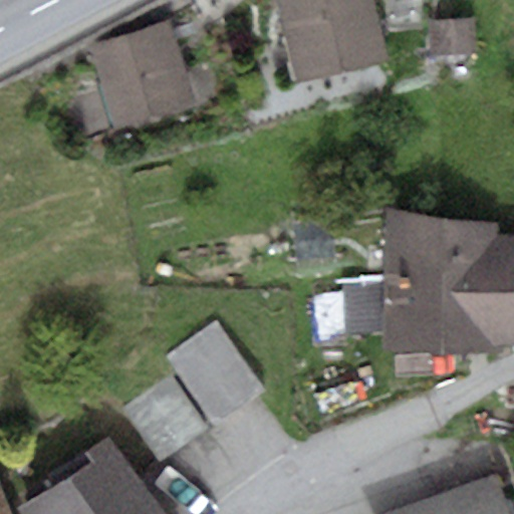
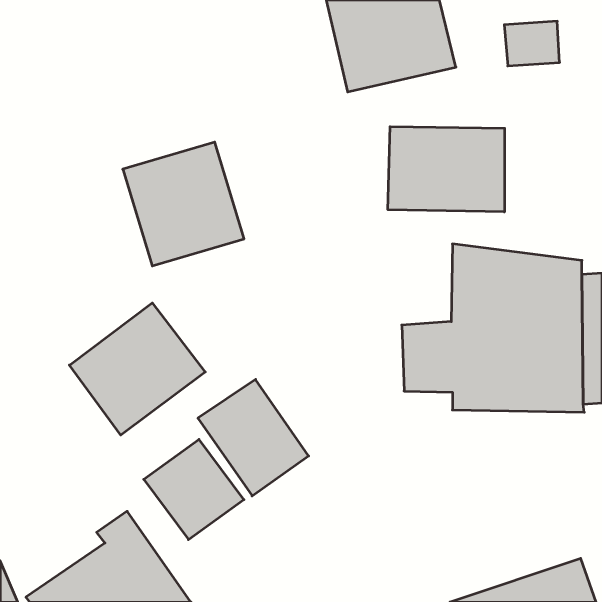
building: [90,21,194,126] -> [123,142,244,266]
building: none -> [388,127,505,212]
building: none -> [69,303,205,435]

